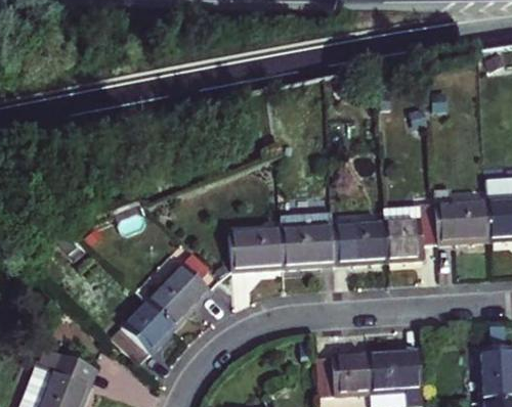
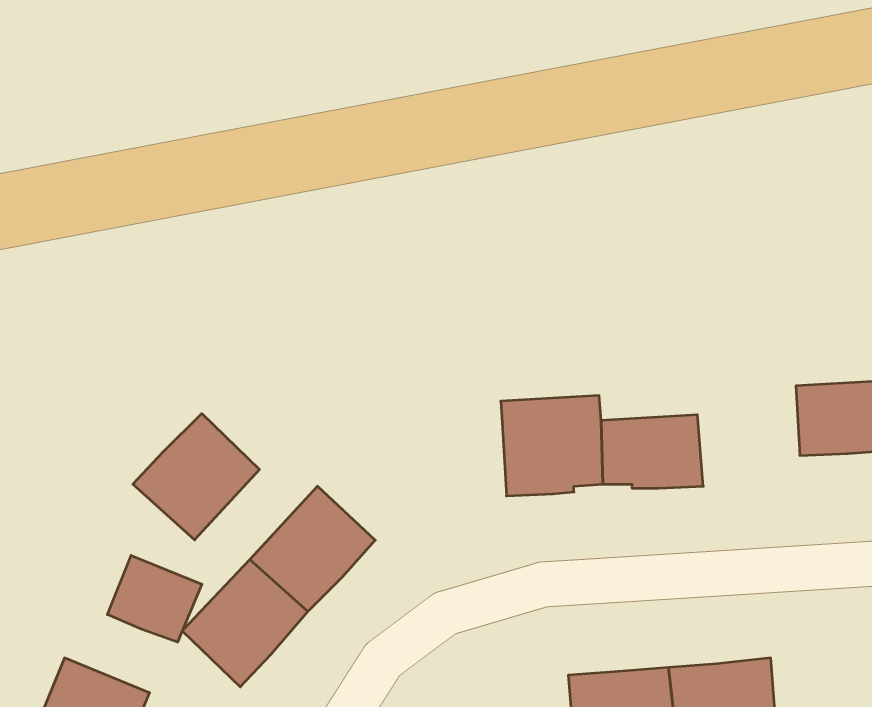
building: [383,207,437,260] -> none
building: none -> [133,414,259,540]
building: [226,229,282,267] -> none
building: none -> [107,555,202,642]

